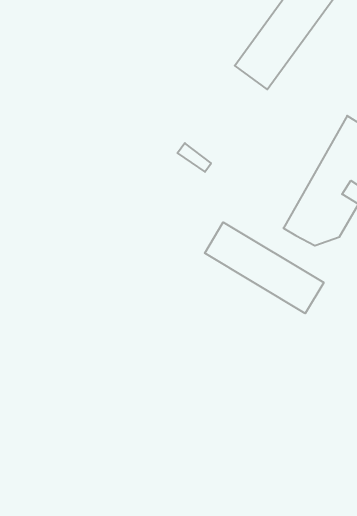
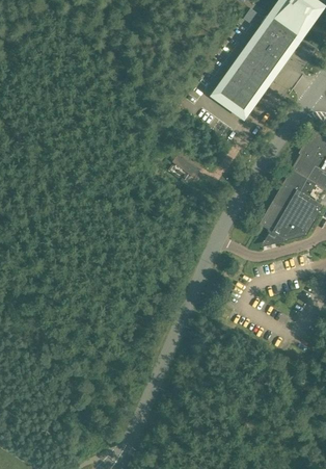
building: [205,222,324,313] -> none

